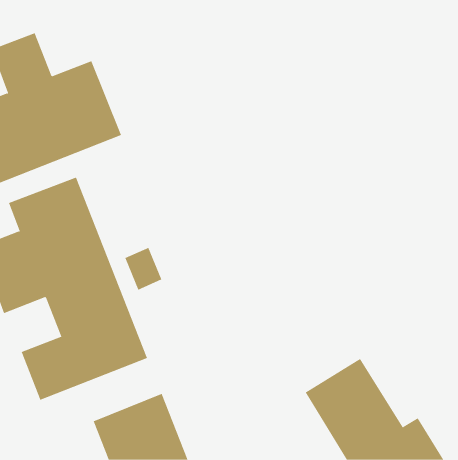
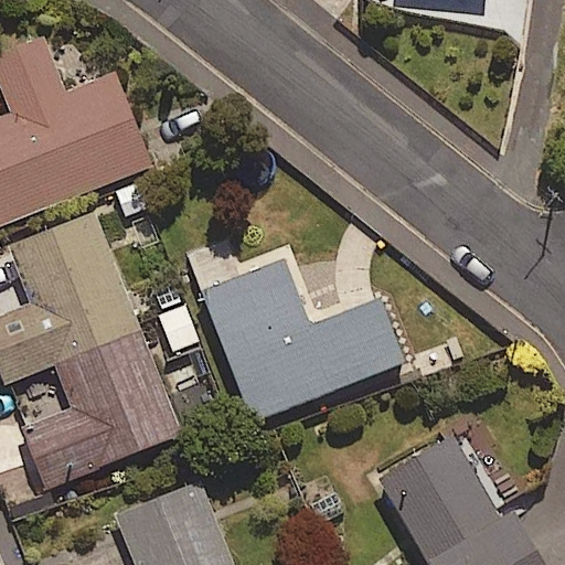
building: none -> [205,264,403,420]

